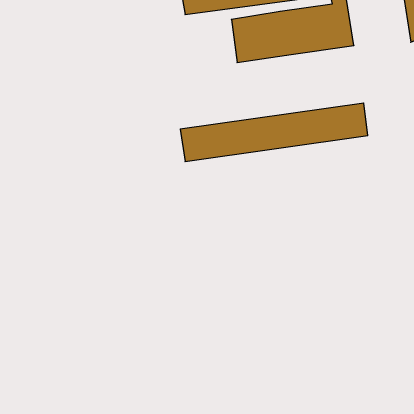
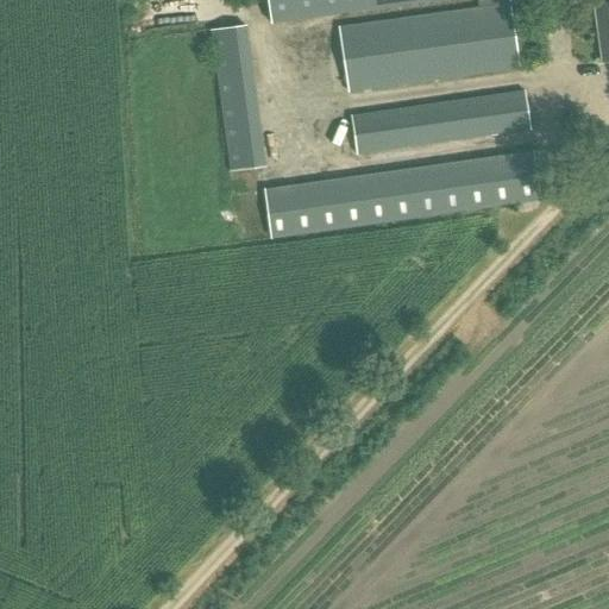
building: none -> [212,25,265,170]
building: none -> [352,90,530,153]

